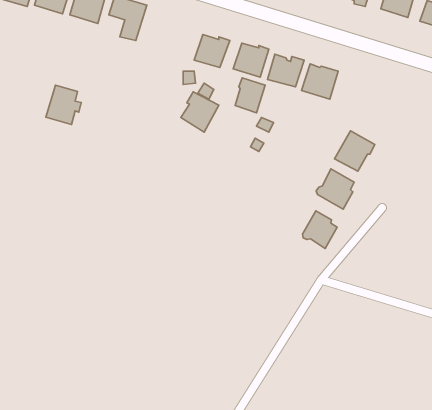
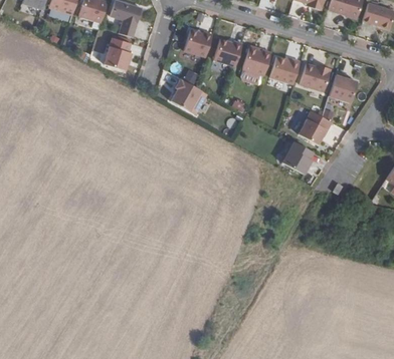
building: none -> [299,63,329,91]
building: [235,78,265,113] -> none
building: none -> [328,72,357,103]
building: [46,85,81,124] -> [104,37,133,69]
building: [302,211,337,248] -> none

